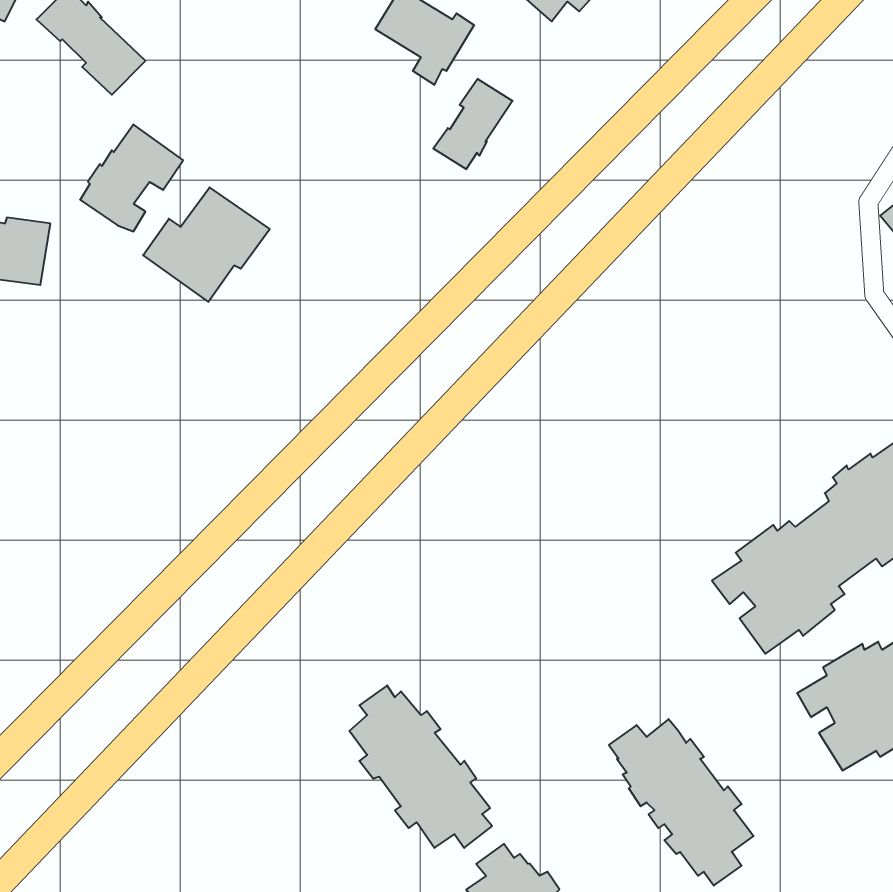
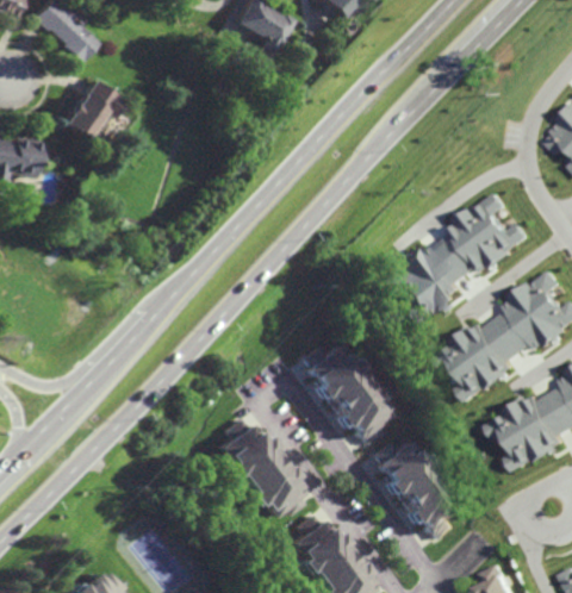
building: [433,79,513,169] -> none
building: [143,187,270,302] -> none
building: none -> [383,191,529,323]
building: none -> [305,343,392,443]

